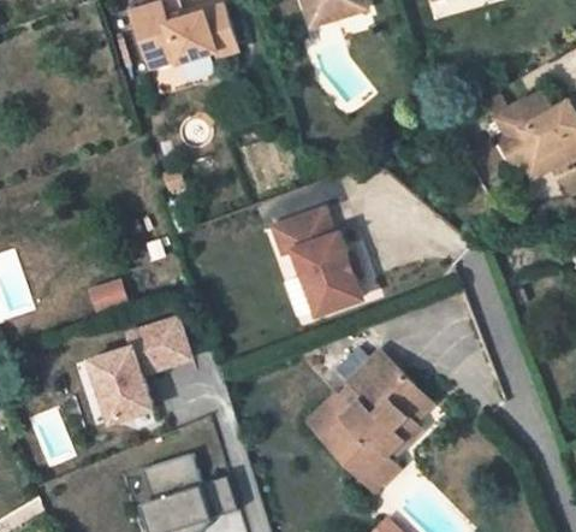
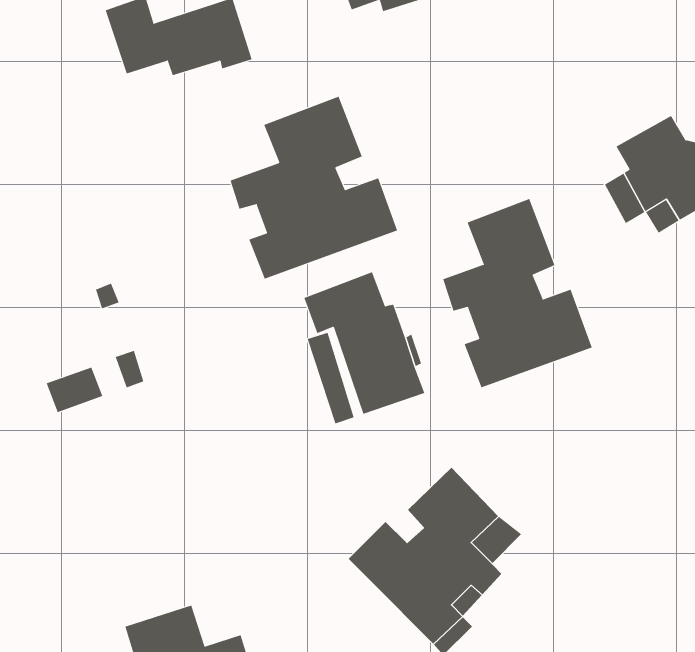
building: none -> [230,96,398,279]
building: none -> [443,198,592,388]
building: [90,317,191,420] -> none

